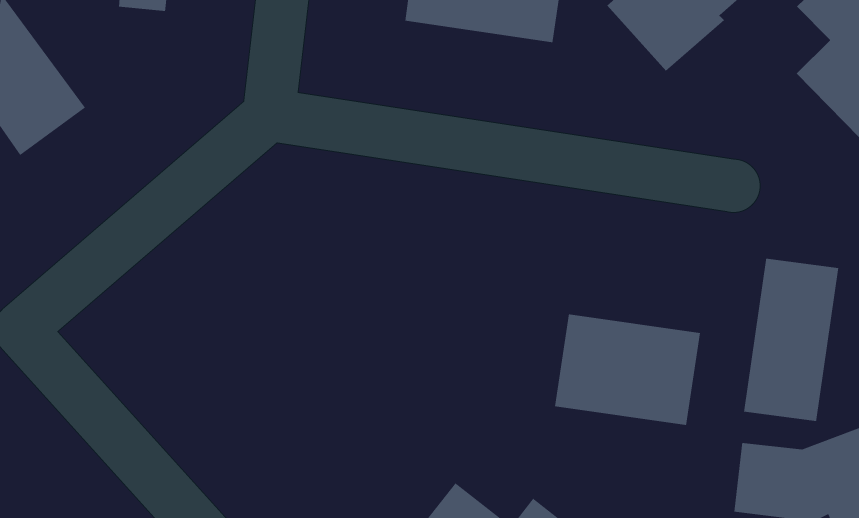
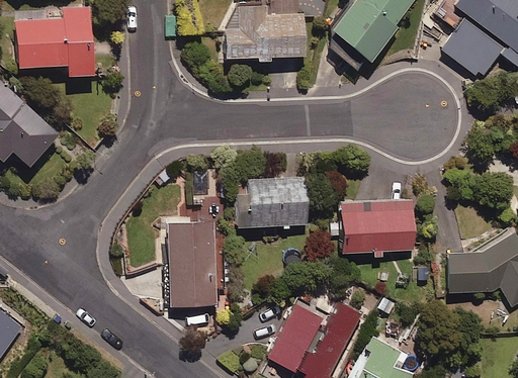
building: none -> [235,177,307,227]
building: [744,258,839,422] -> none
building: none -> [163,222,215,306]

